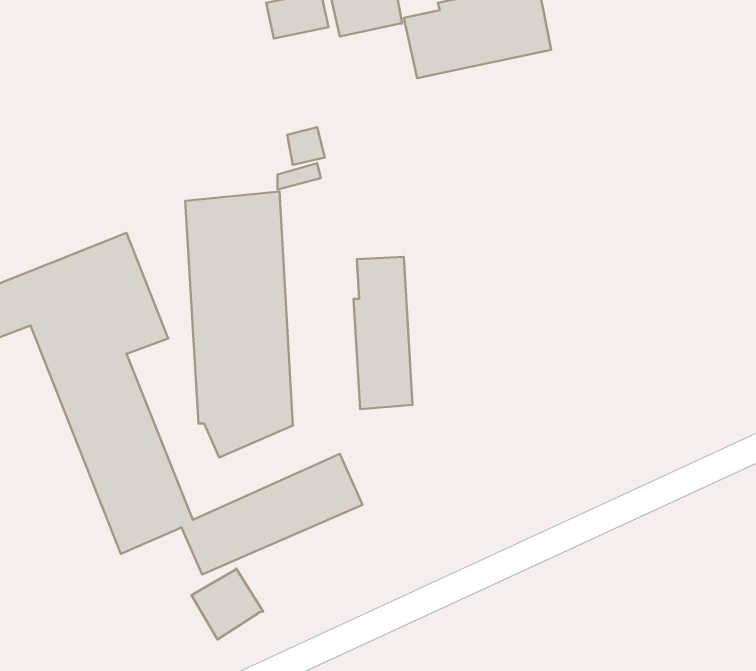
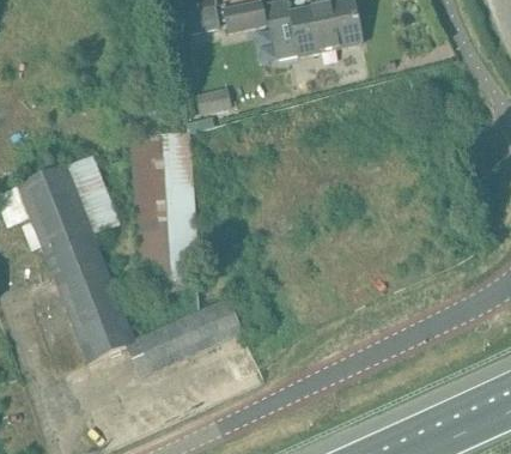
building: [353,257,412,409] -> none
building: [191,568,263,639] -> none

